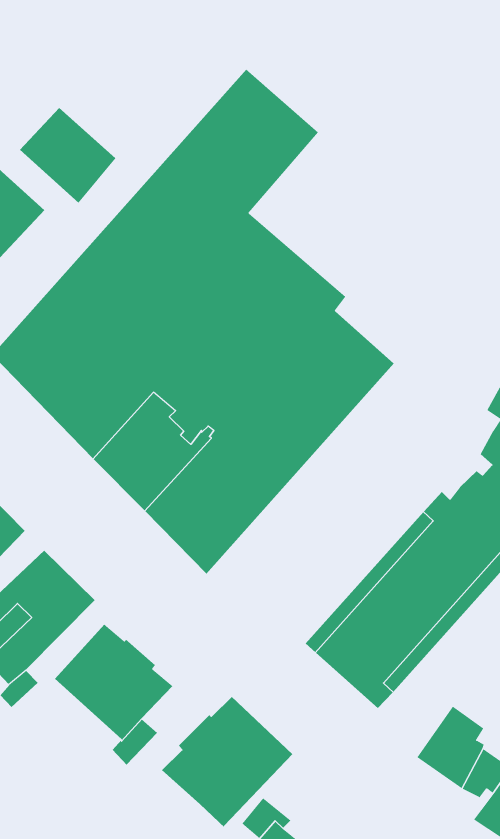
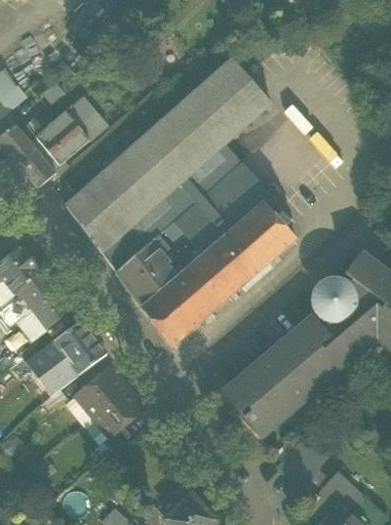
building: [19,107,116,203] -> none
building: none -> [315,280,347,315]
building: [161,696,293,828] -> none

